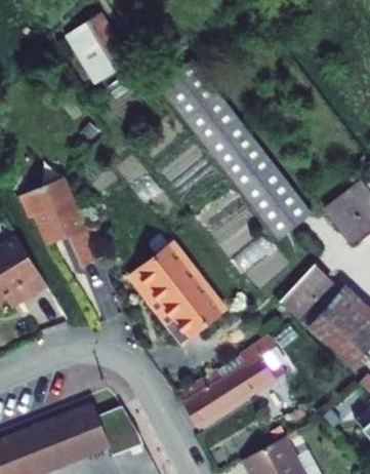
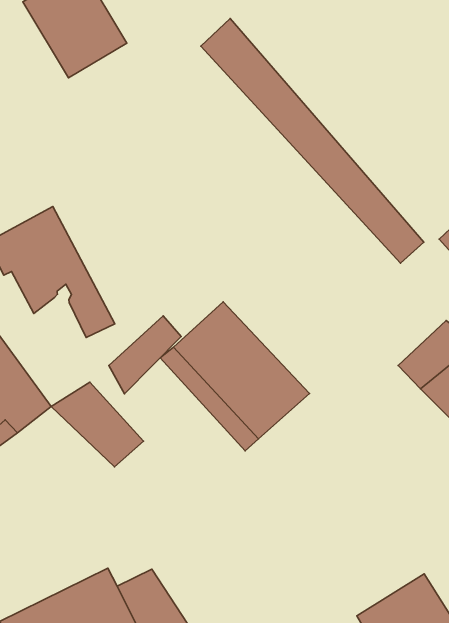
building: [160,73,291,238] -> none
building: none -> [109,316,181,394]
building: none -> [51,382,144,467]
building: [176,330,282,422] -> none

